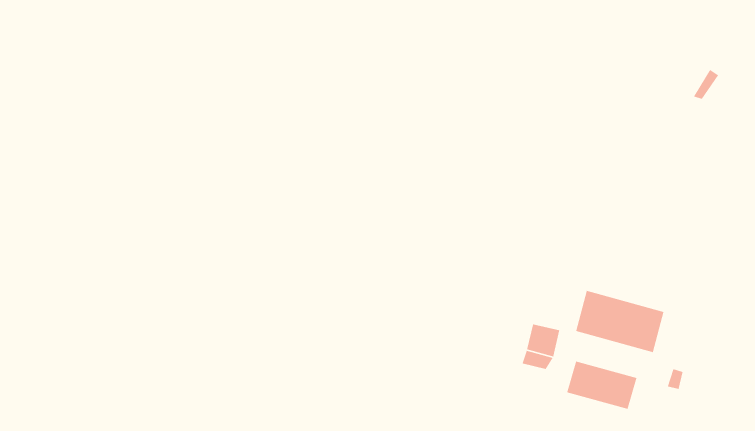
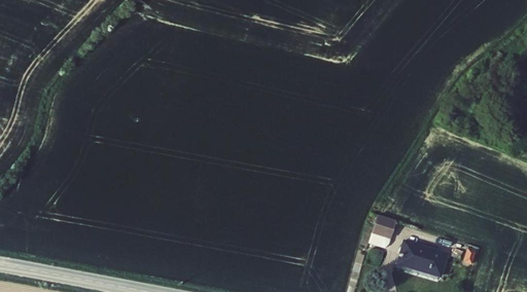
building: [575,290,665,353] -> none

